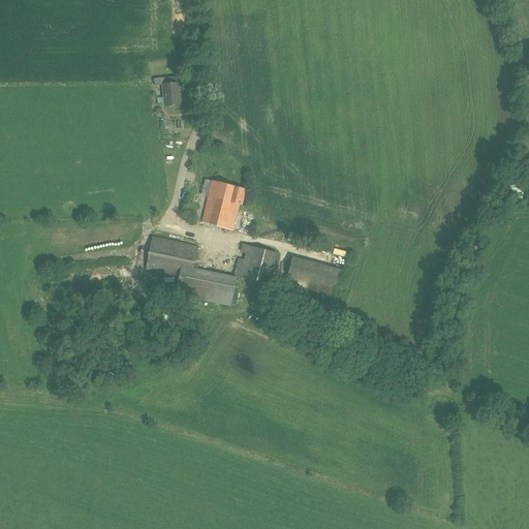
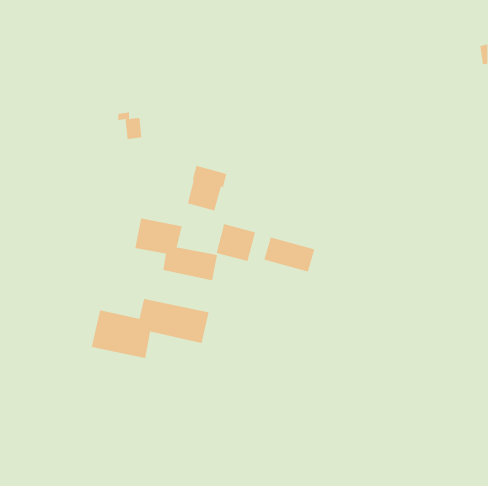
building: [155,75,182,105] -> [117,112,142,140]
building: none -> [91,298,209,359]

